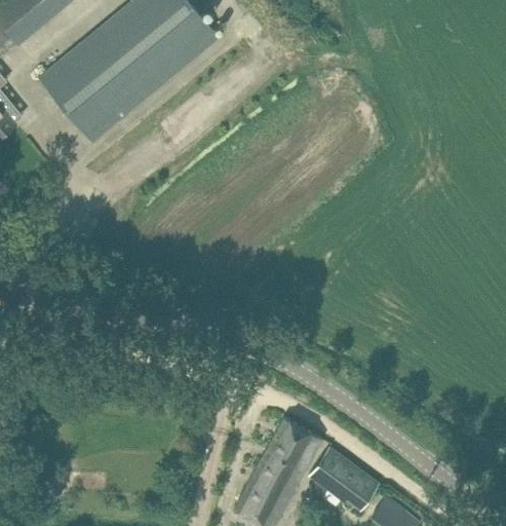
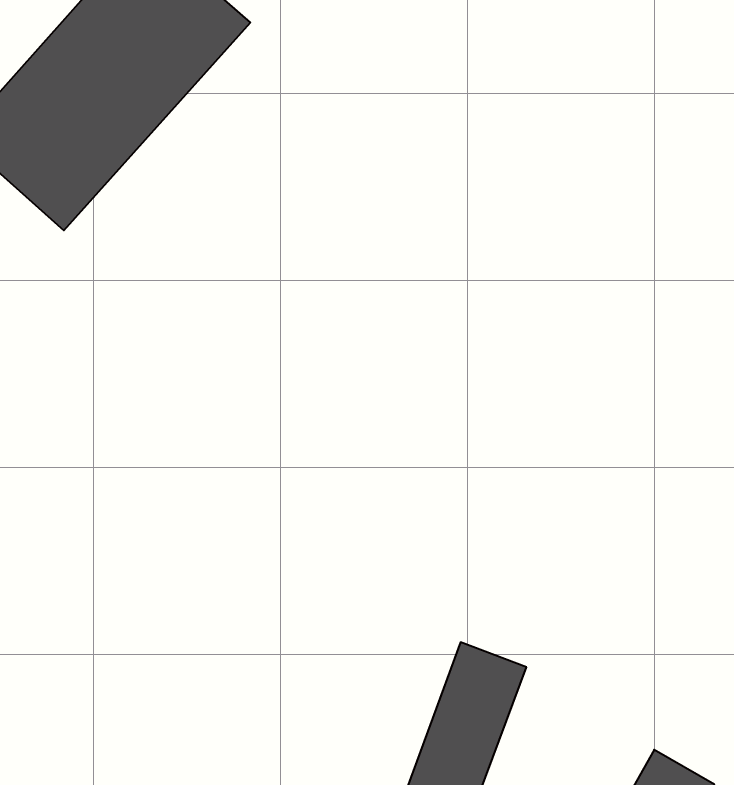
building: [309,448,378,508] -> none

